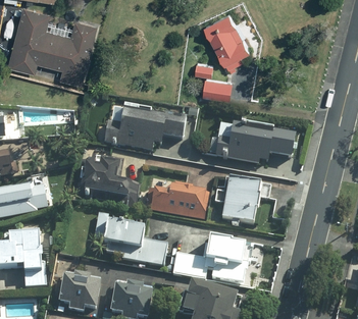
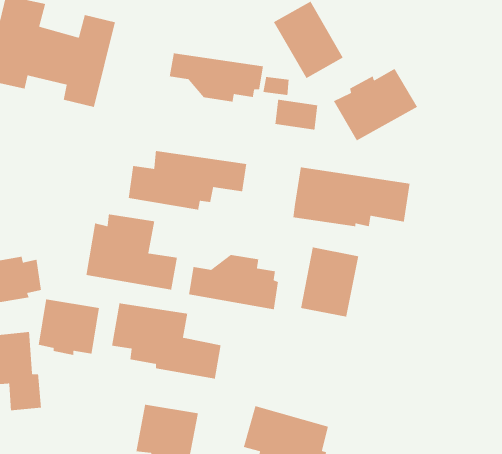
building: none -> [169,52,264,103]
building: none -> [333,68,418,142]
building: [173,233,247,282] -> none
building: [59,271,101,310] -> [38,299,100,356]

